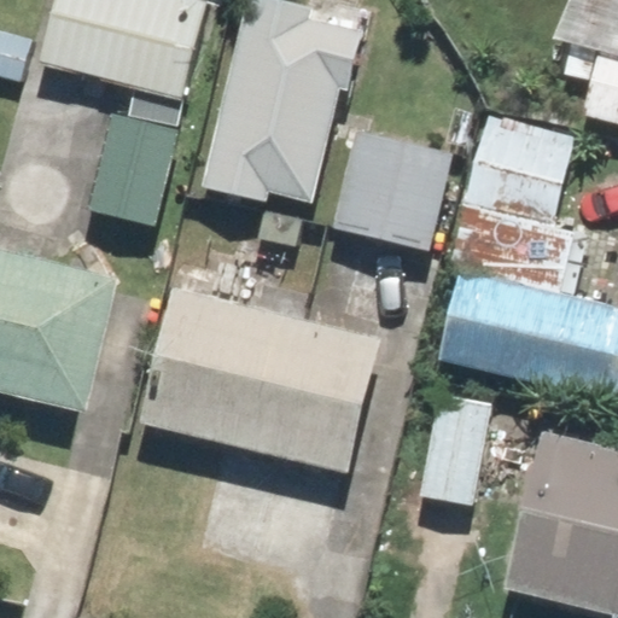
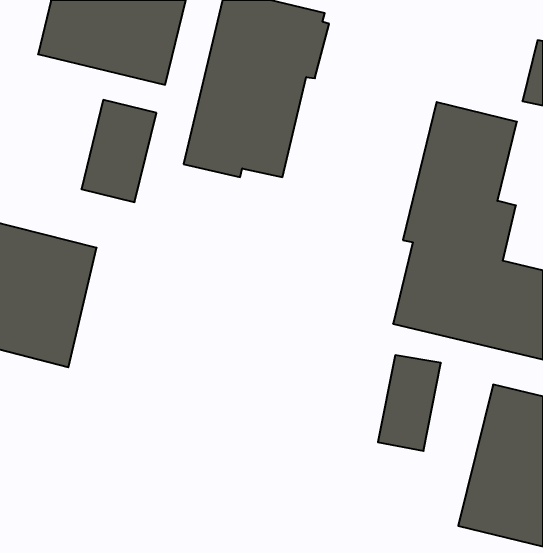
building: [334,132,453,250] -> none
building: [145,287,385,470] -> none

